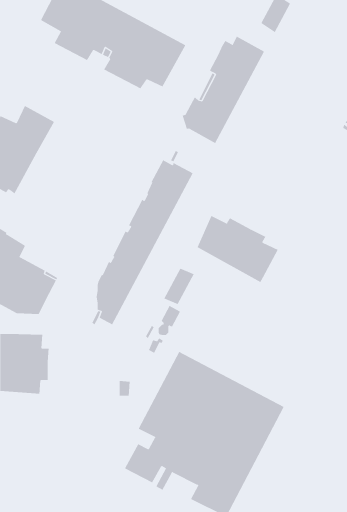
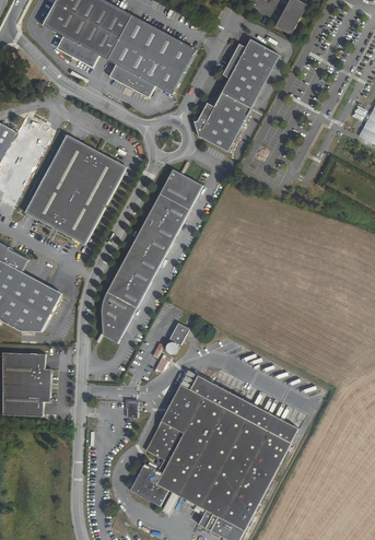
building: none -> [26,134,127,243]
building: [197,215,278,283] -> none
building: [164,268,195,305] -> none

